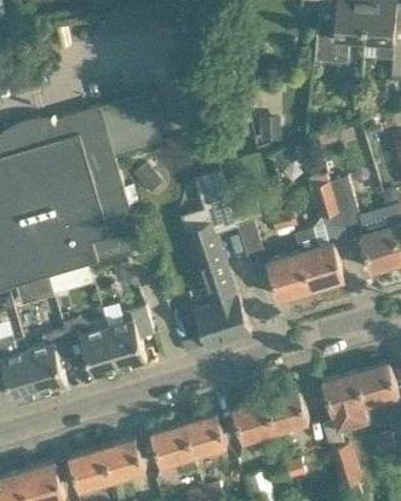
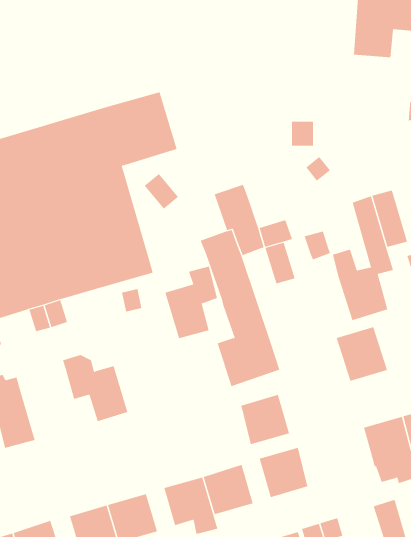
building: [267,253,311,300] -> [336,327,388,381]
building: [107,306,153,369] -> [164,266,218,339]
building: [27,332,71,393] -> none
building: [265,390,308,433] -> [240,394,290,445]

